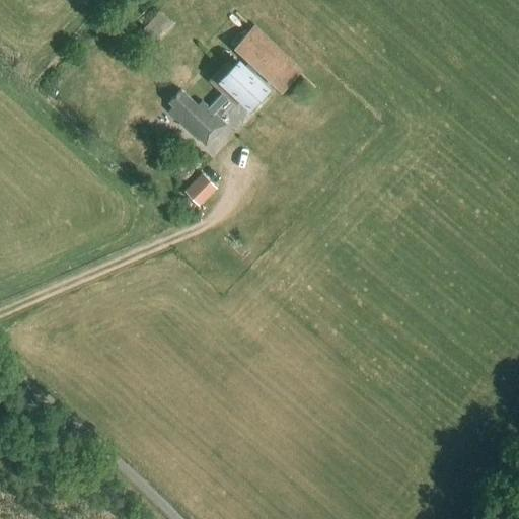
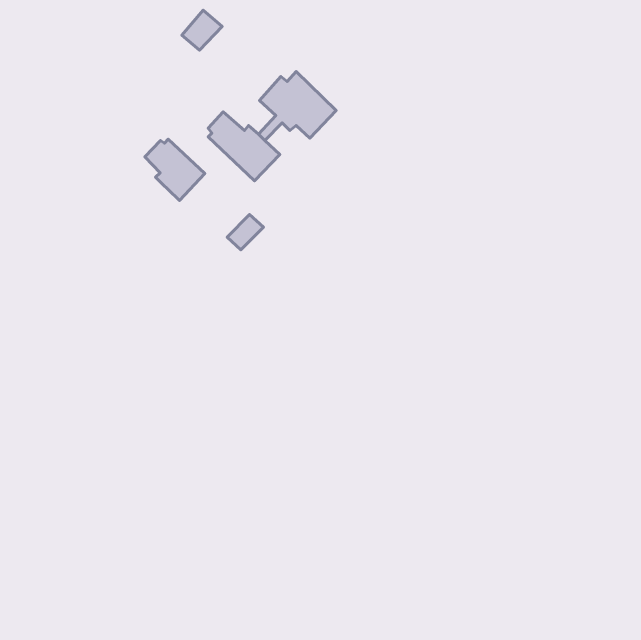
building: [234,26,303,93] -> none
building: none -> [145,139,205,201]

